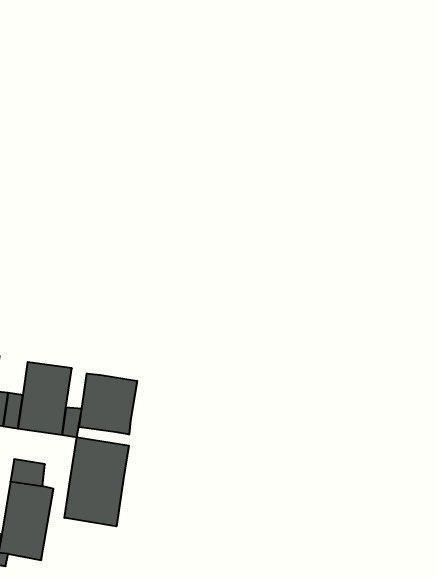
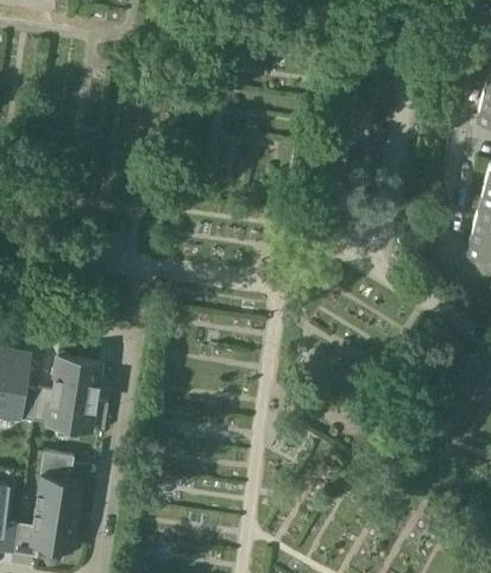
building: [79,373,137,435] -> none
building: [64,437,129,526] -> none

